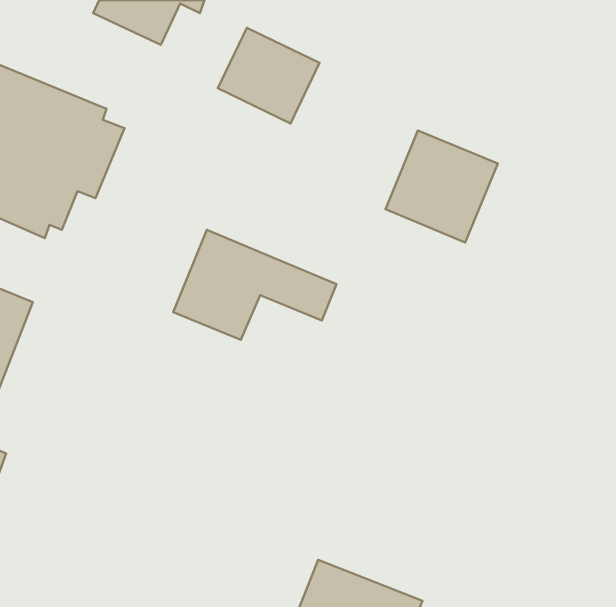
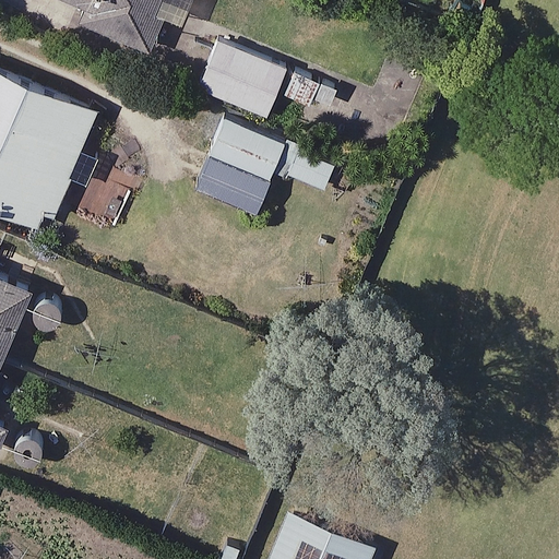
building: [385,130,498,242] -> none
building: [173,230,336,340] -> [191,117,338,216]

